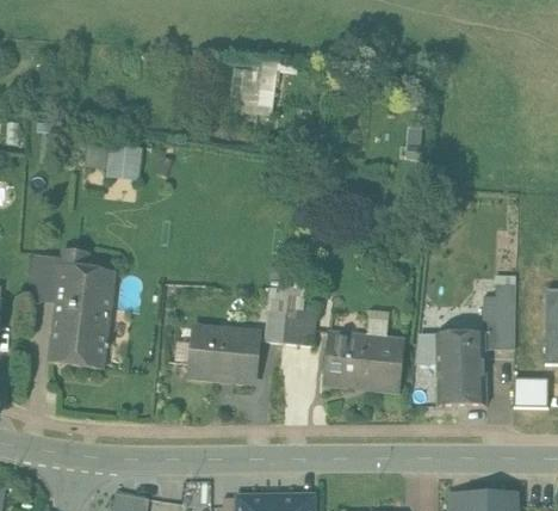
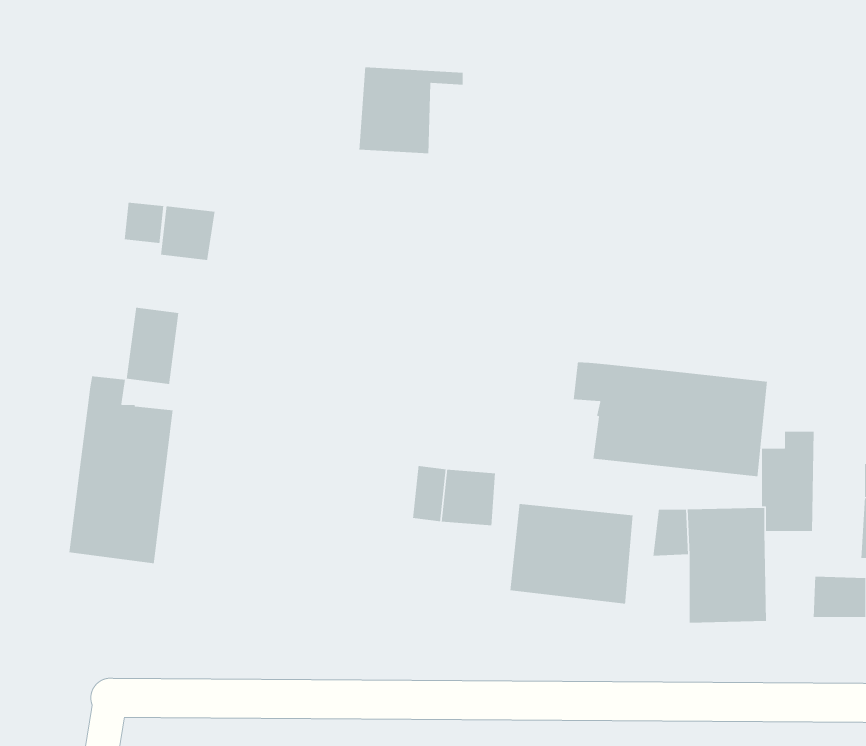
building: none -> [573,362,768,477]
building: [30,253,63,302] -> [126,307,179,385]
building: [191,326,259,380] -> none

